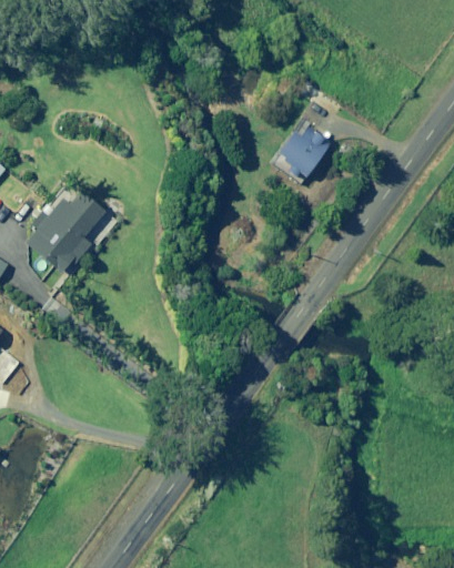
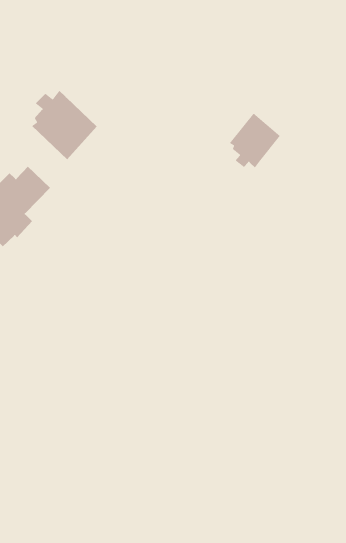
building: none -> [31,90,97,160]

